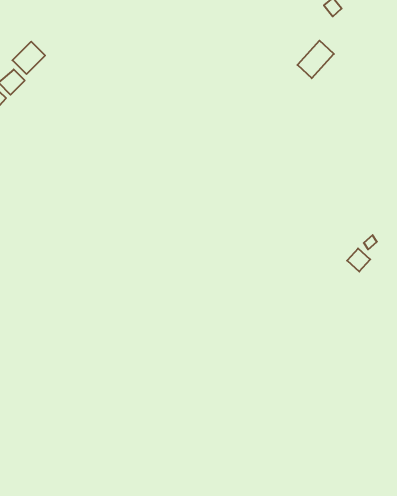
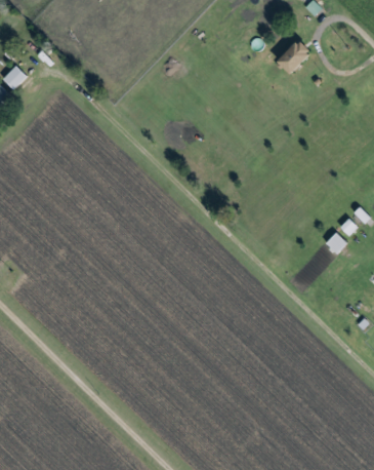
building: [12,42,45,74] -> none

